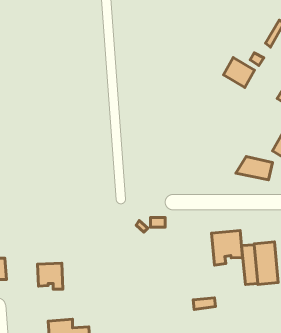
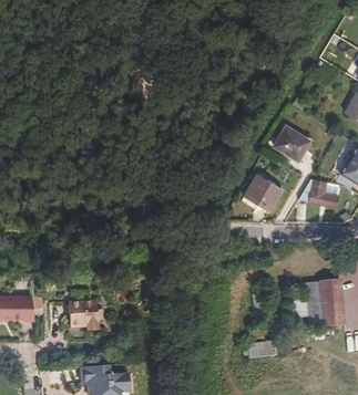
building: [224,58,255,88] -> [273,126,308,160]
building: none -> [244,175,280,211]
building: [211,230,243,265] -> none

